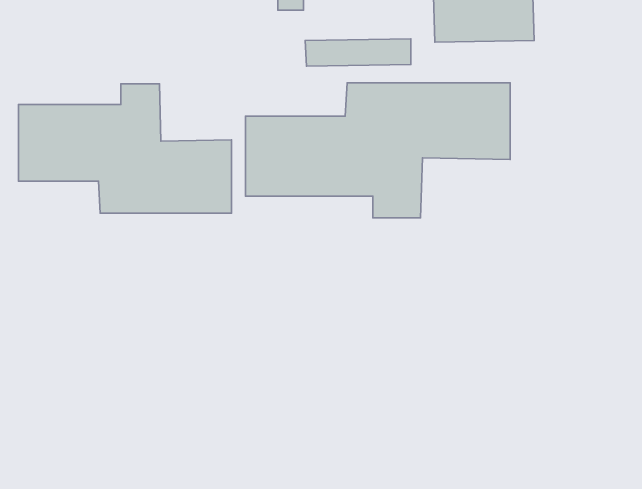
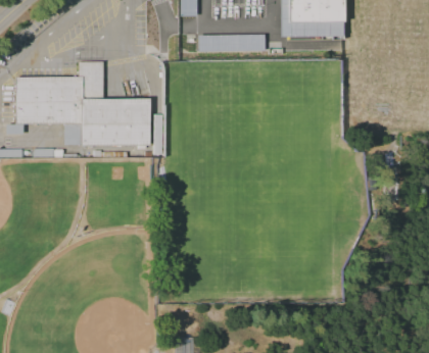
building: [246,83,510,218] -> none

